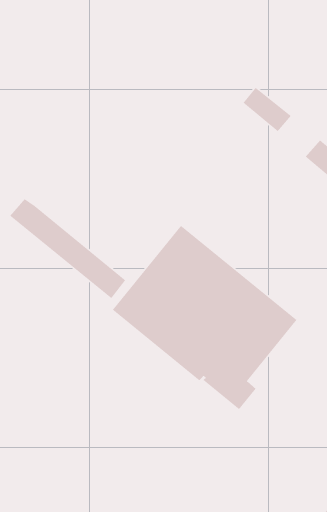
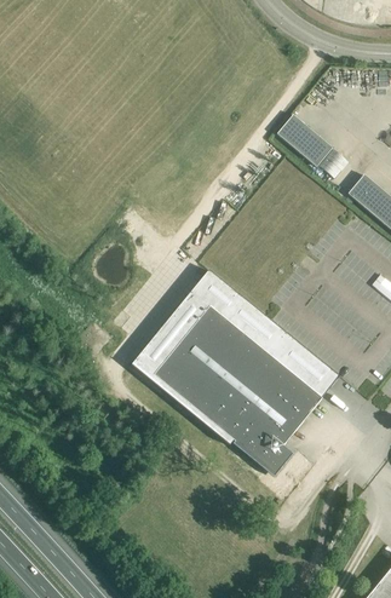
building: [9,198,126,299] -> none

